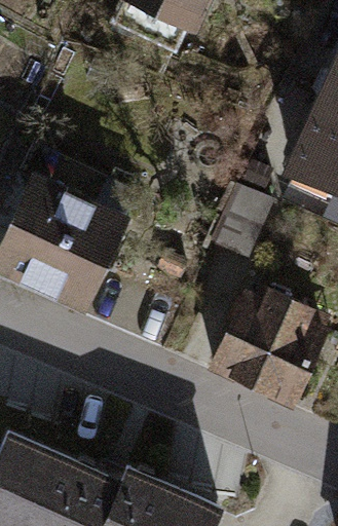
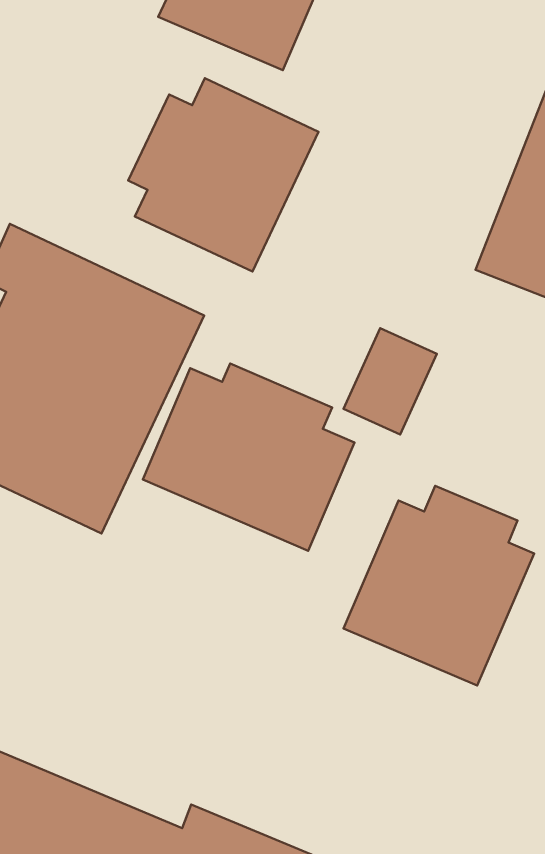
building: none -> [128,78,319,271]
building: none -> [143,363,355,551]

